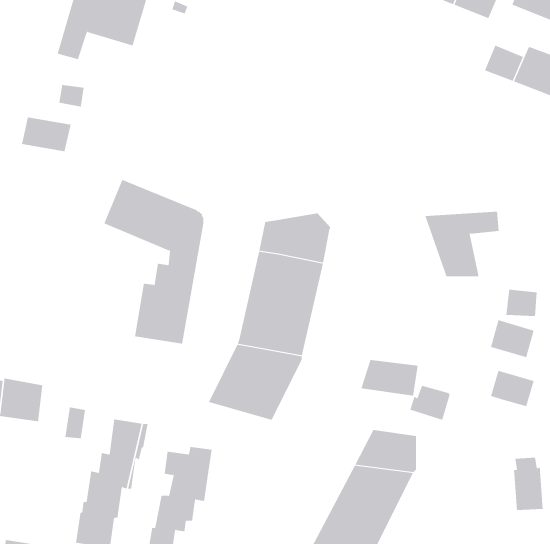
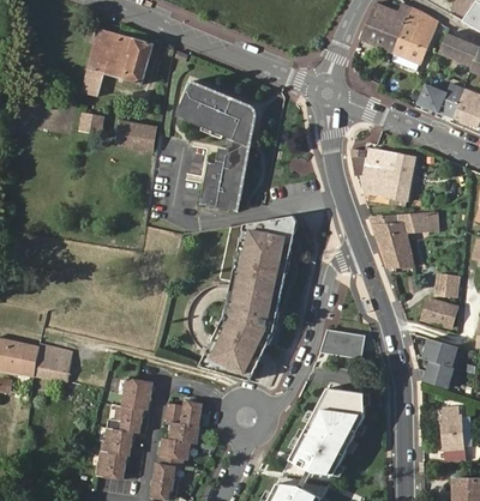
building: [21,117,71,152] -> [116,122,156,150]
building: none -> [350,147,415,206]
building: [104,179,204,344] -> [174,80,253,210]
building: [409,385,451,420] -> [419,362,451,390]

